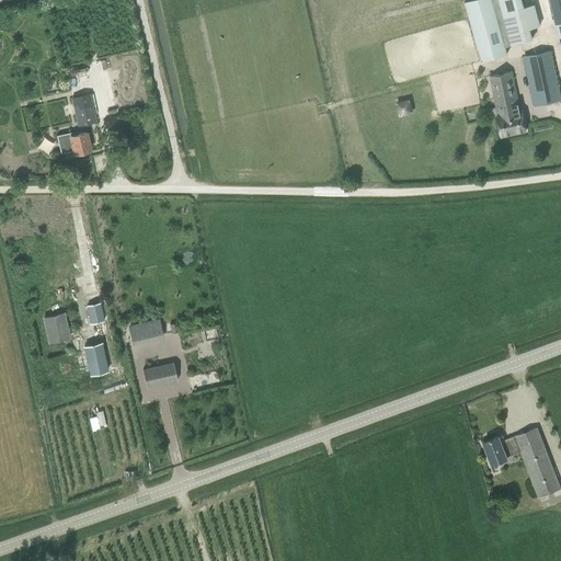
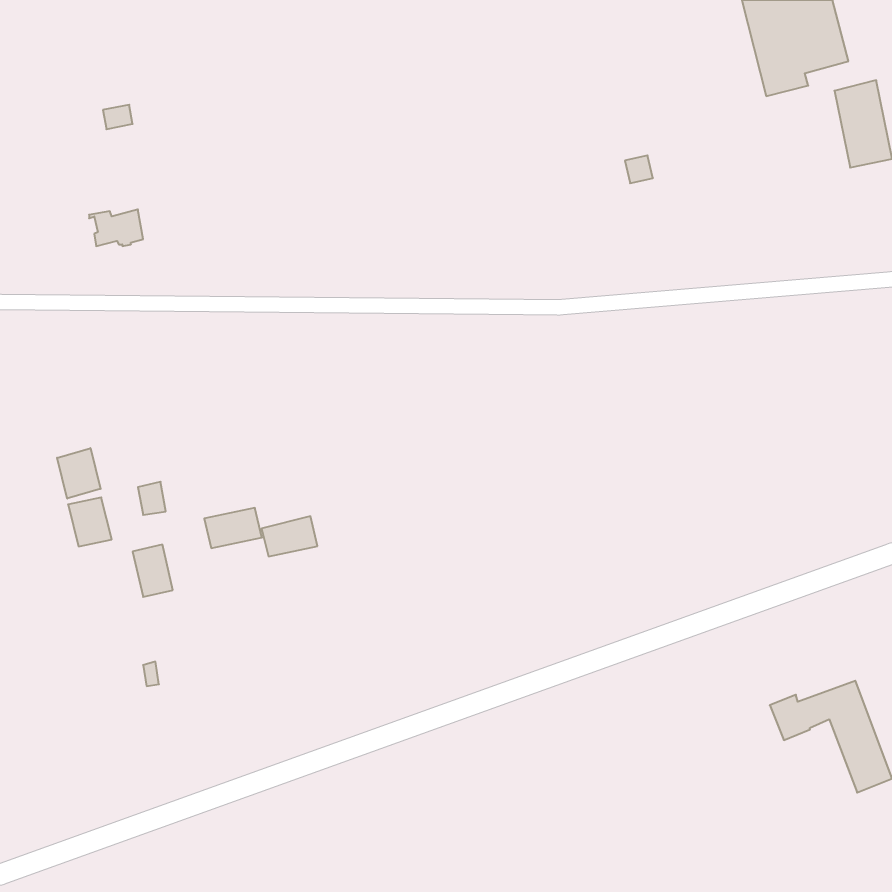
building: [491,70,526,136] -> none
building: [72,94,95,124] -> none
building: none -> [57,448,101,499]
building: [142,362,178,387] -> [262,516,317,556]

